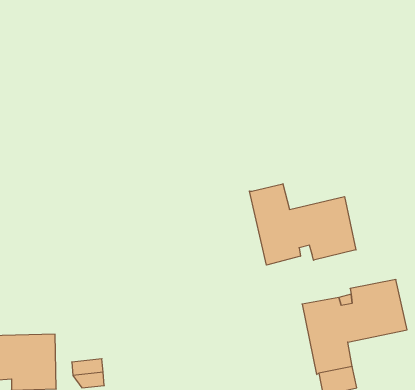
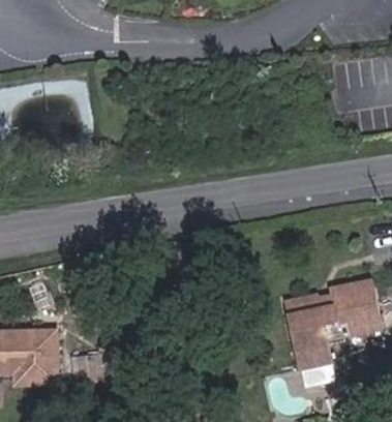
building: [249,184,356,265] -> none

